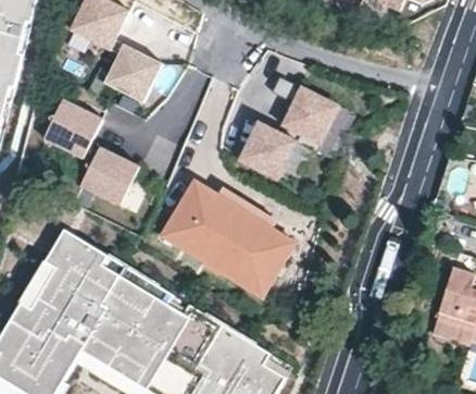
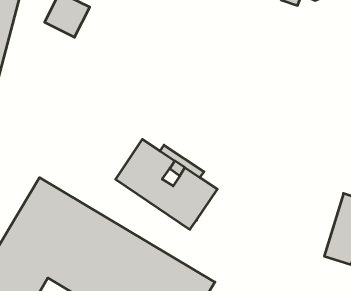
building: [103,44,162,102] -> none
building: [236,74,338,175] -> none
building: [42,99,138,205] -> none

